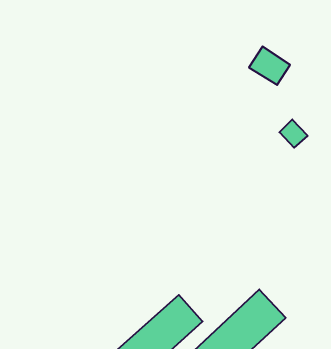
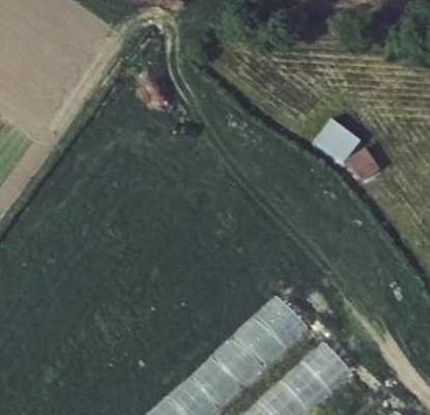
building: [249,46,290,85] -> [311,116,357,159]
building: none -> [232,294,307,368]

